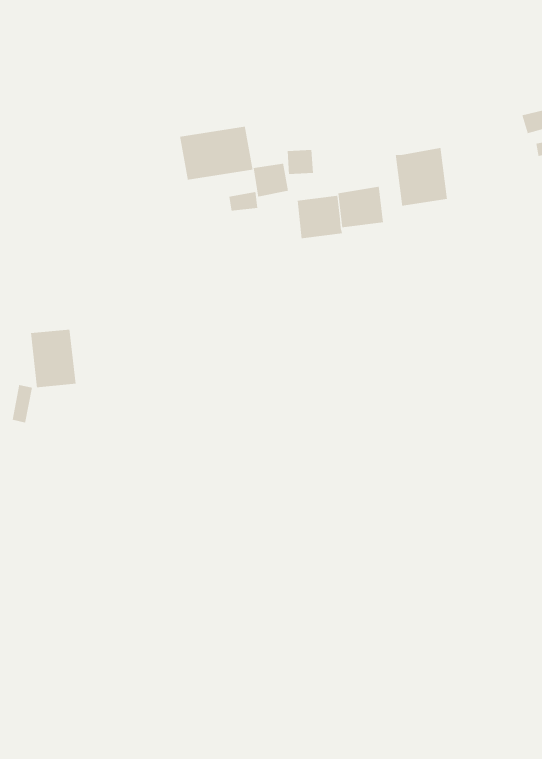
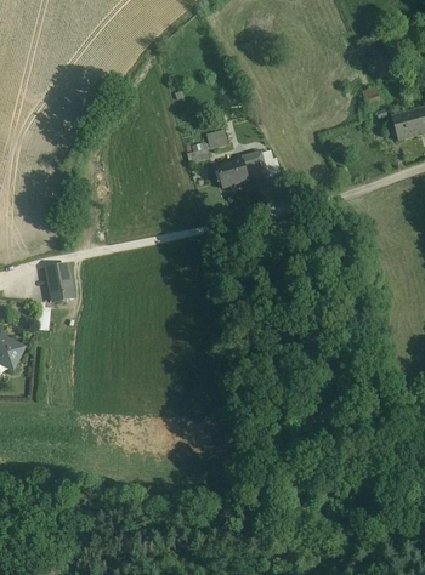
building: [180,126,253,181] -> none
building: [395,147,447,207] -> none

